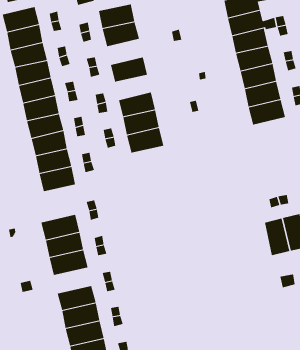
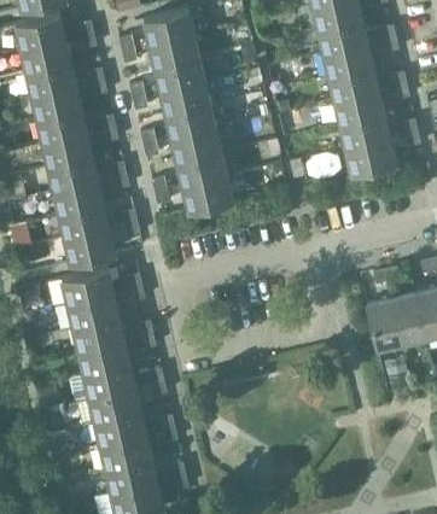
building: none -> [156,60,205,95]
building: none -> [167,109,216,142]
building: none -> [63,271,115,306]
building: none -> [85,367,136,402]

